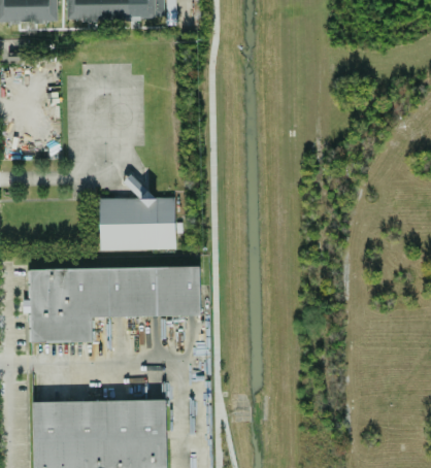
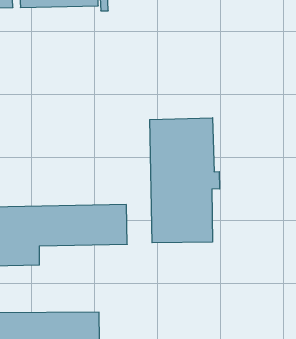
building: none -> [150,118,220,243]
building: [98,194,174,249] -> none

